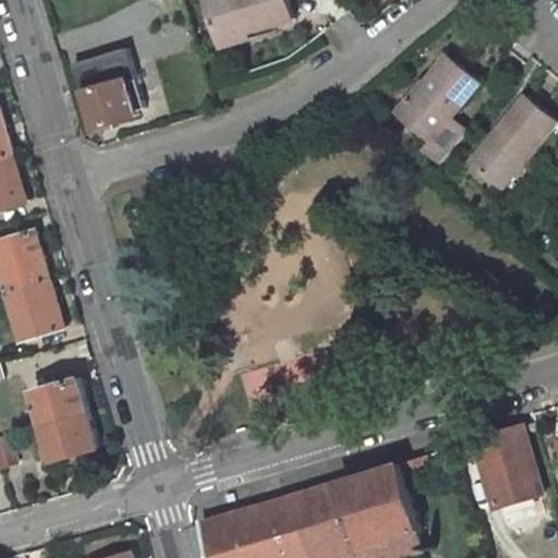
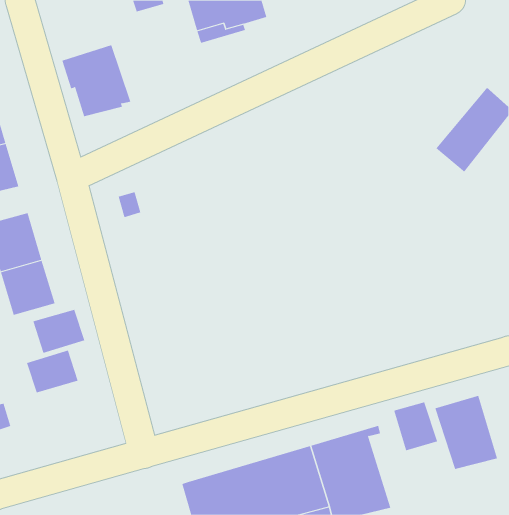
building: [397,56,480,161] -> none
building: [39,412,96,460] -> [33,309,85,353]
building: none -> [394,401,438,451]

